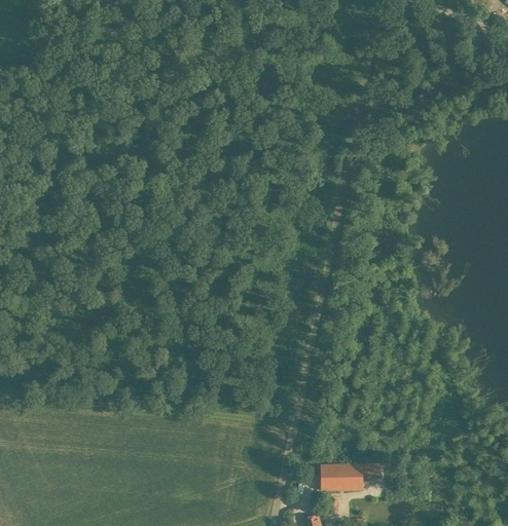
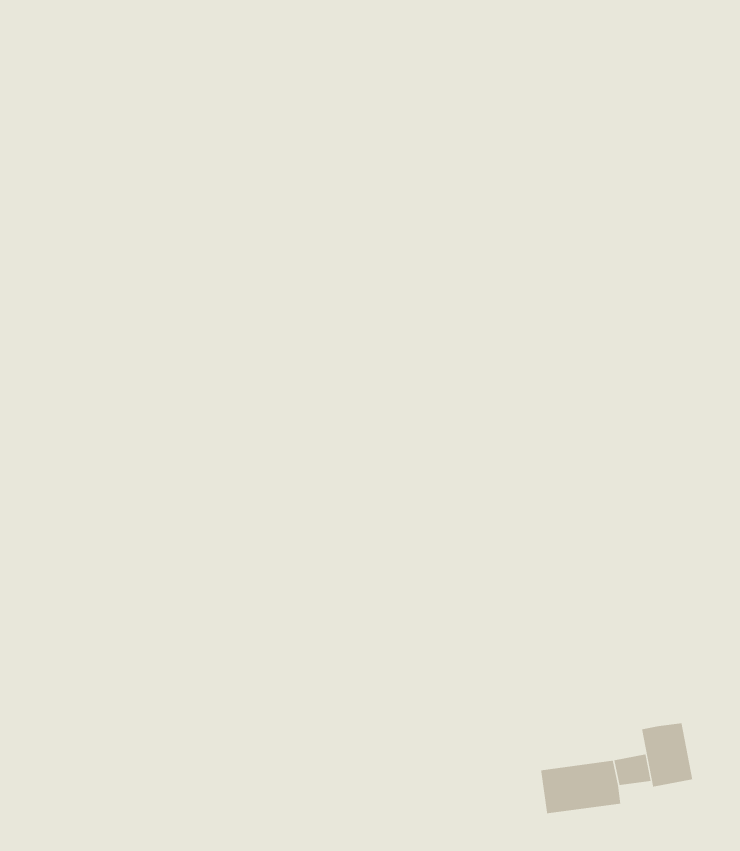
building: none -> [642,722,693,787]

